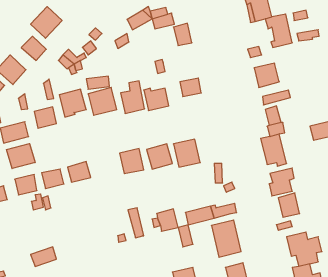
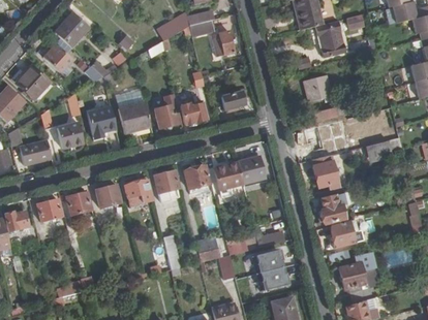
building: none -> [237,152,266,185]
building: [7,144,35,169] -> none
building: none -> [123,180,152,207]

